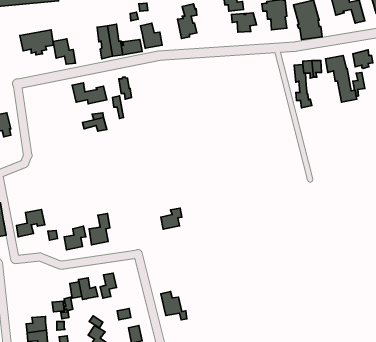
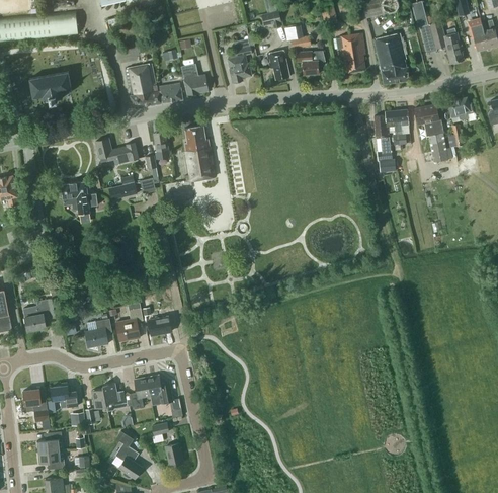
building: none -> [266,50,288,79]
building: [53,39,75,64] -> none
building: none -> [183,125,215,180]
building: none -> [60,181,97,223]
building: [161,208,182,229] -> [148,309,174,335]
building: none -> [50,385,77,407]
building: none -> [22,388,48,421]
building: [161,291,187,320] -> [146,374,178,409]

